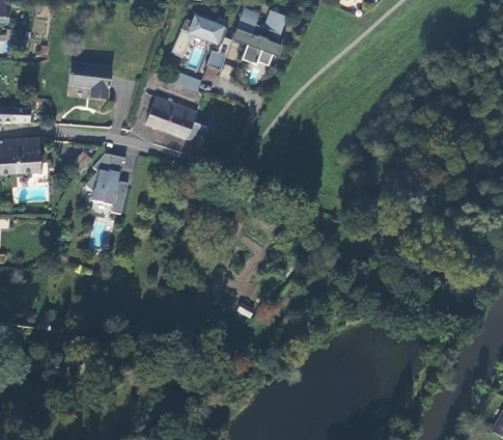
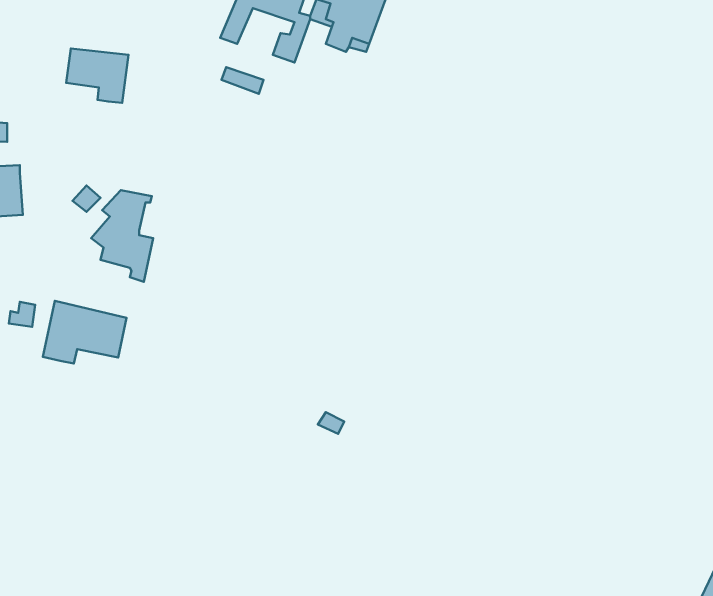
building: [145,95,207,144] -> none
building: none -> [43,301,126,364]

